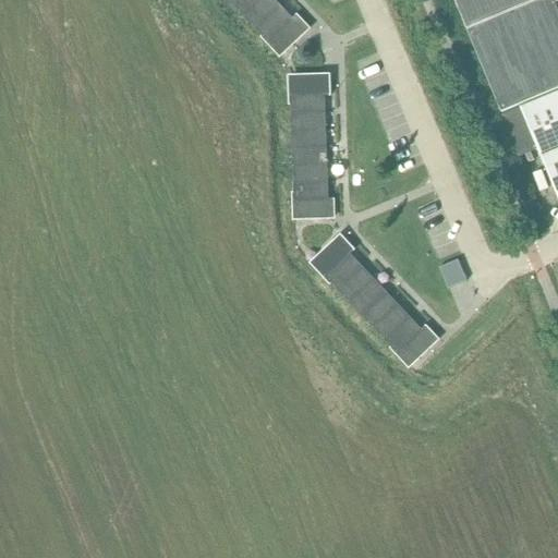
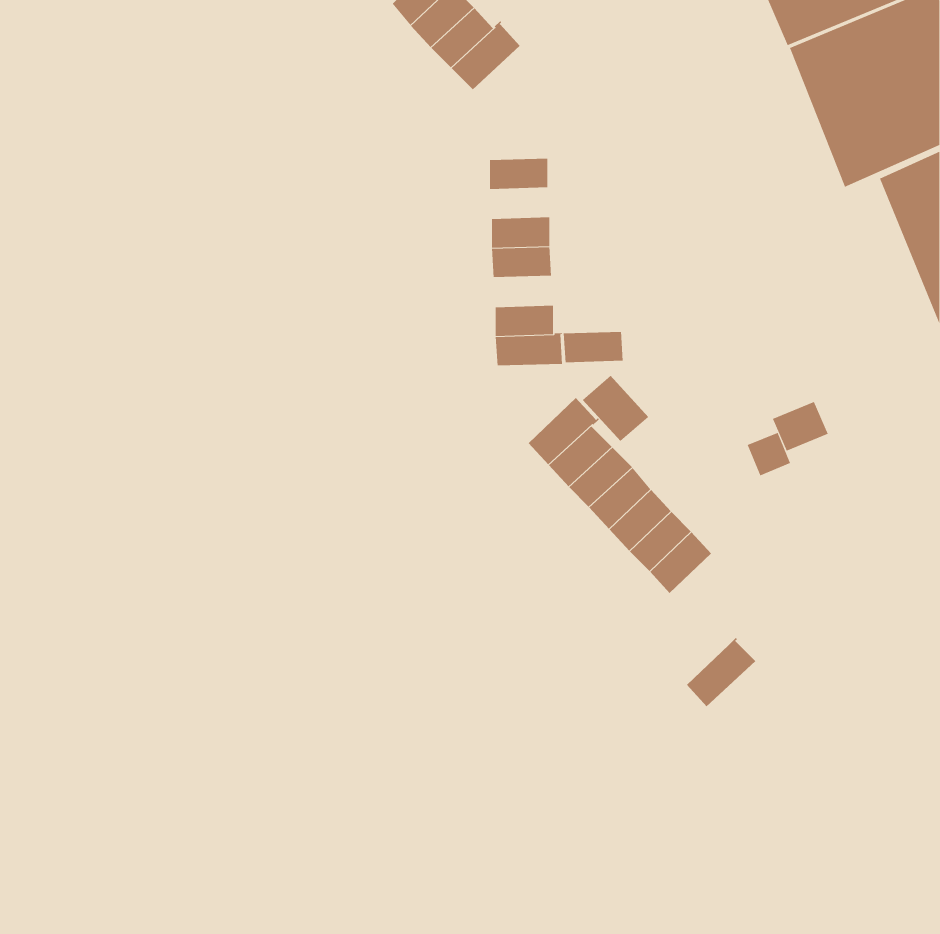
building: [289,75,330,95] -> none
building: [290,111,326,130] -> none
building: [292,163,328,182] -> [563,331,624,363]
building: none -> [582,375,649,442]
building: none -> [772,401,828,452]
building: [397,324,438,365] -> [686,637,756,707]

